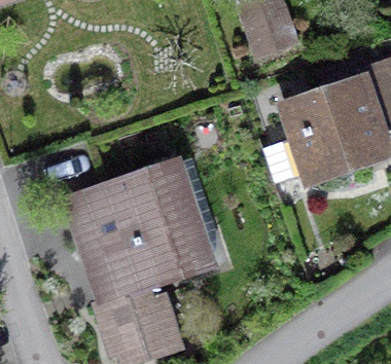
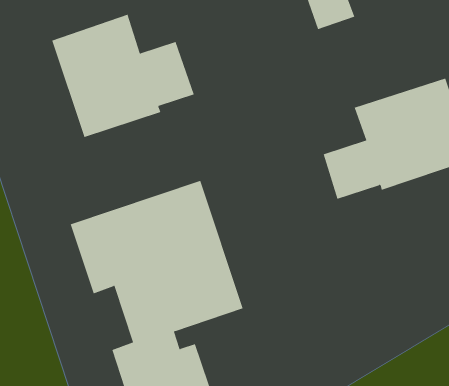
building: none -> [52,14,195,138]

